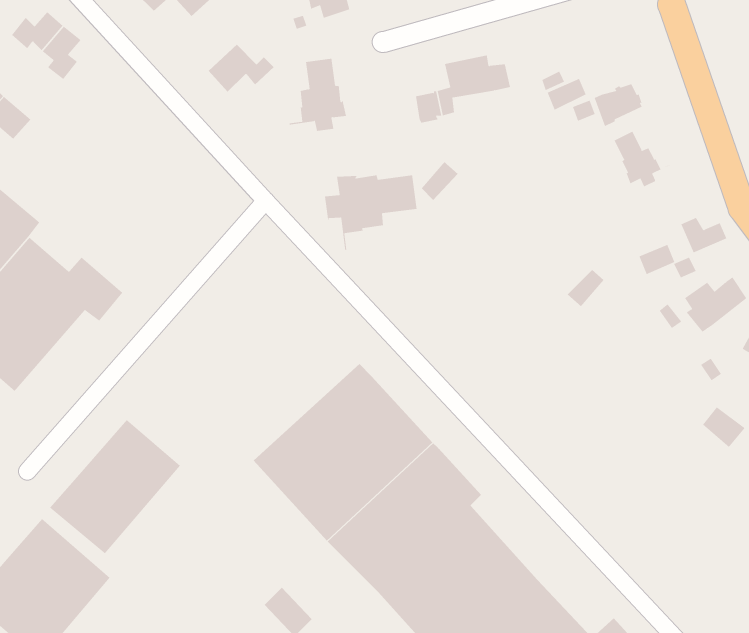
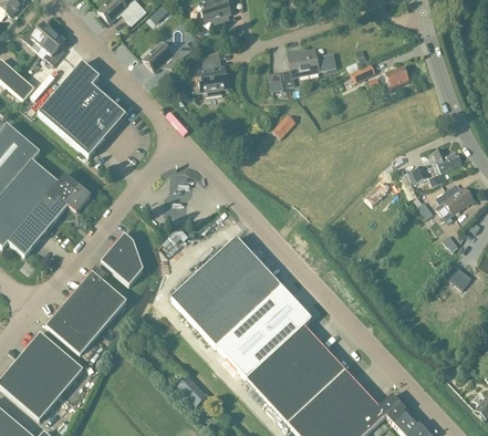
building: none -> [38,61,126,156]
building: [614,131,670,189] -> none
building: [324,175,417,251] -> none
building: none -> [101,233,143,284]

